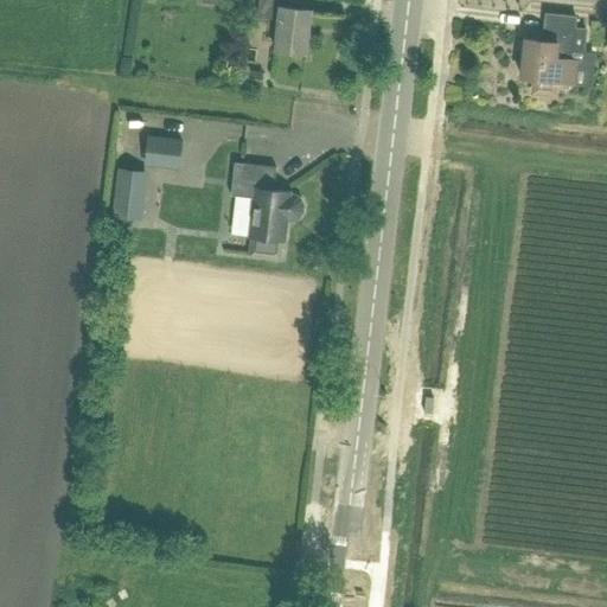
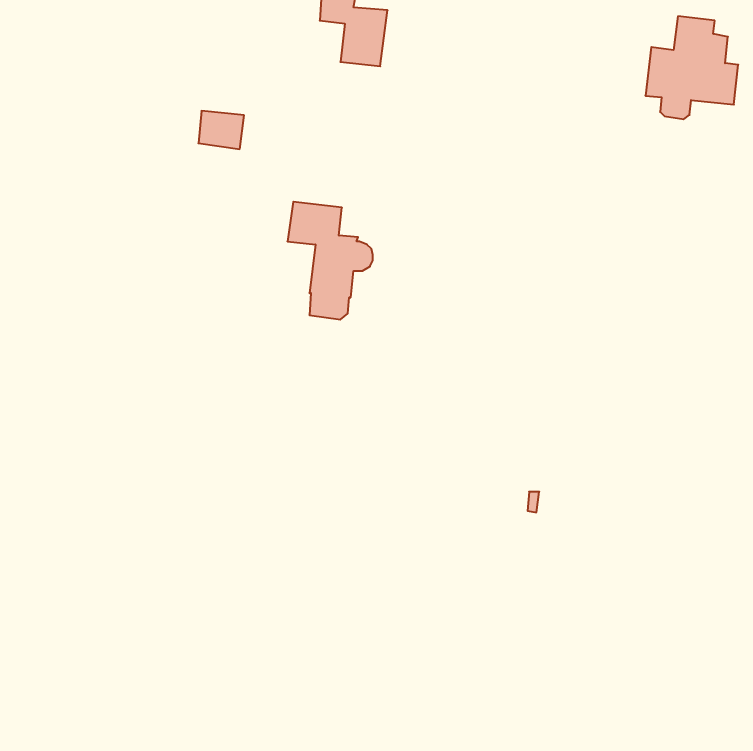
building: [146,135,183,166] -> [198,111,244,149]
building: [113,168,145,218] -> none

